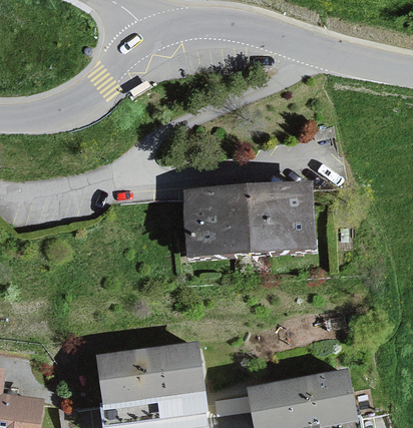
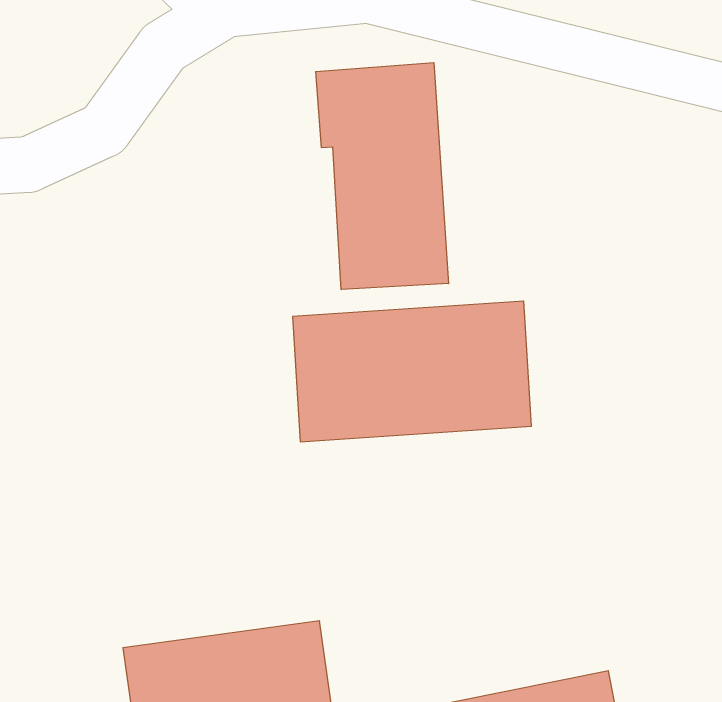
building: none -> [316,63,449,290]

